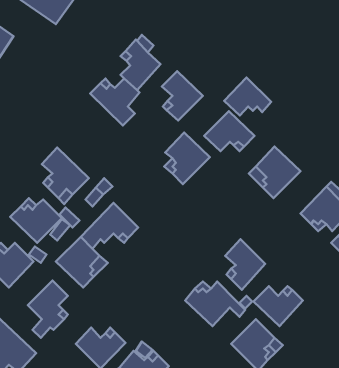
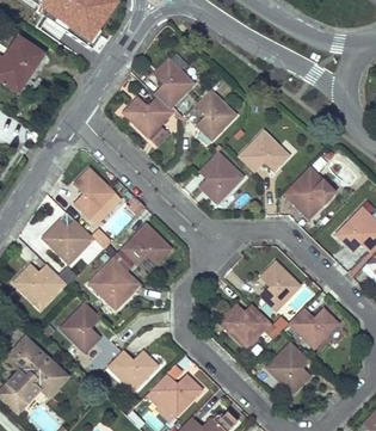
building: [224,77,271,115] -> none

